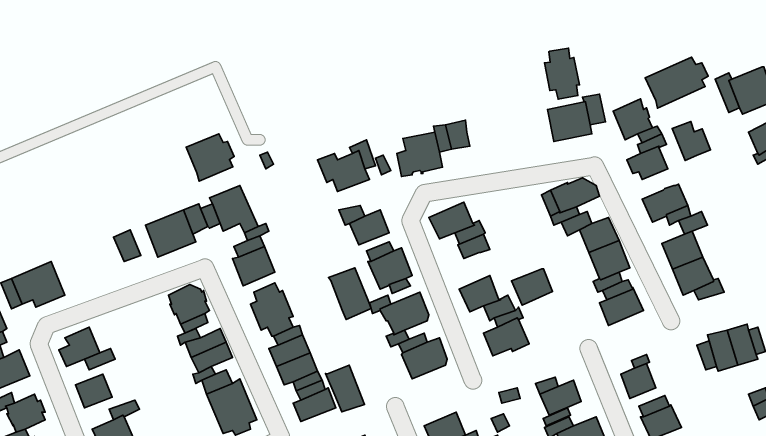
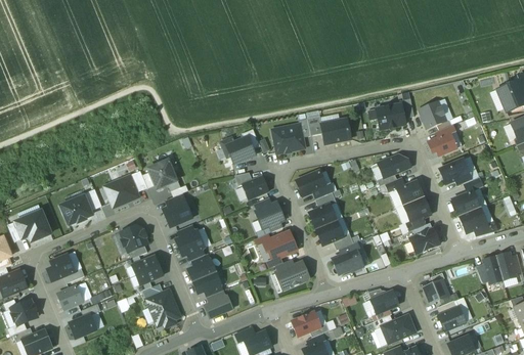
building: [544,48,580,99] -> none
building: [645,57,708,108] -> none
building: [672,122,710,160] -> none
building: none -> [321,118,351,143]
building: [186,134,234,181] -> none
building: none -> [61,194,92,223]
building: [329,268,371,320] -> none
building: [511,269,553,305] -> [309,204,337,228]
building: [325,365,365,412] -> none

